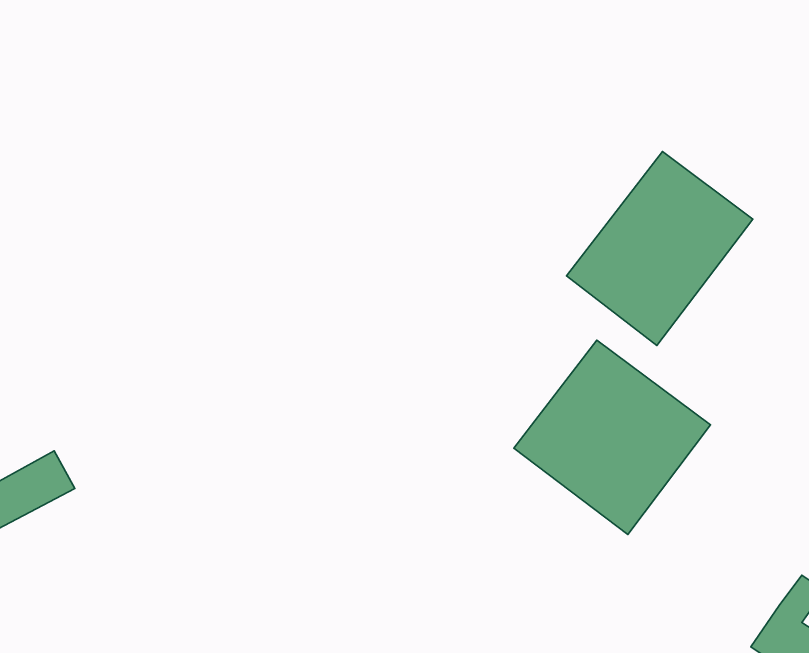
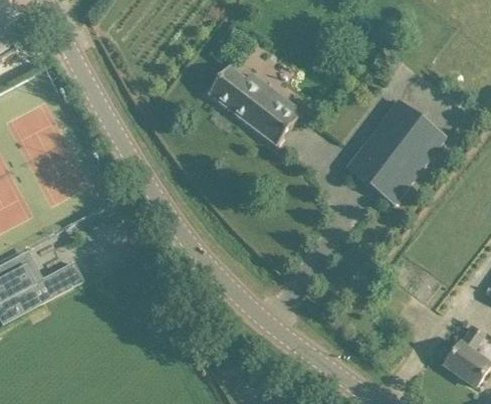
building: none -> [207,65,301,145]
building: [514,340,710,535] -> none

